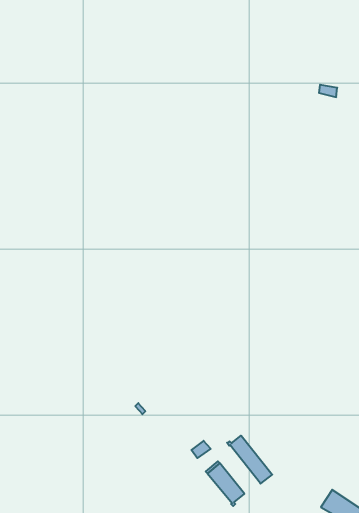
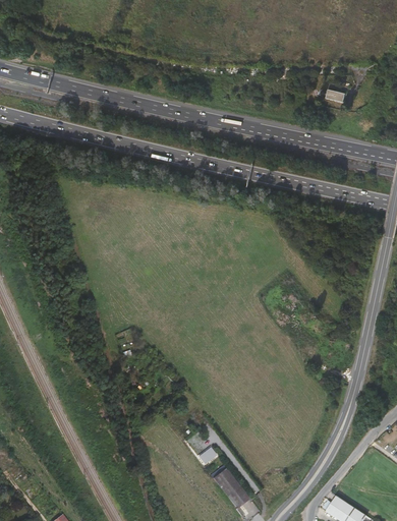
building: [227,436,272,484] -> none

